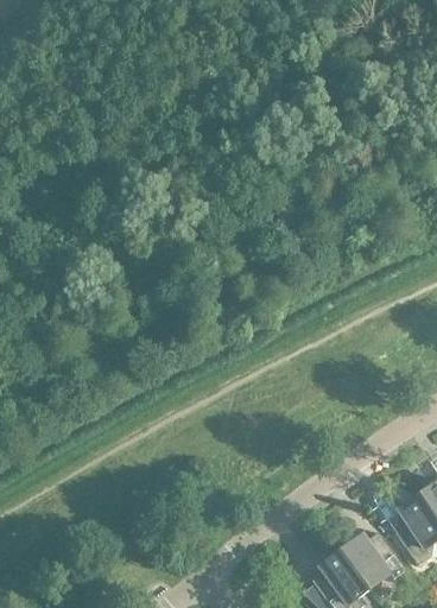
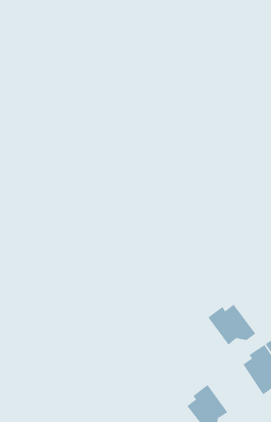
building: [336,532,404,590] -> [208,304,256,345]

